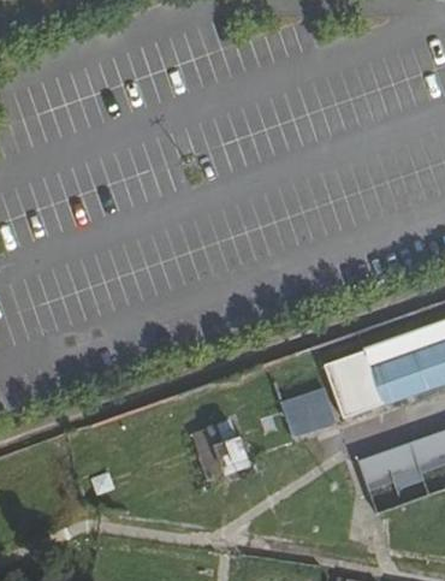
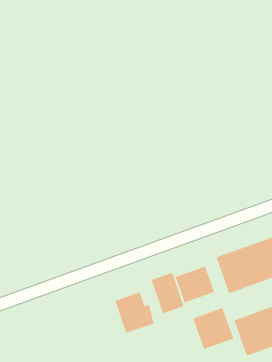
building: none -> [151,272,184,314]
building: none -> [192,307,234,350]

